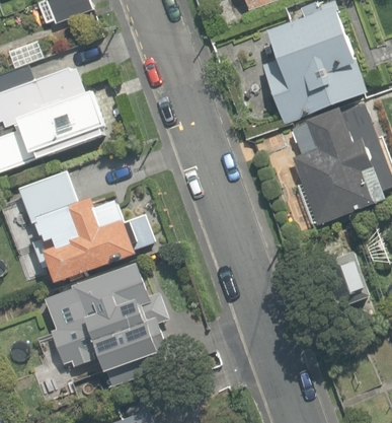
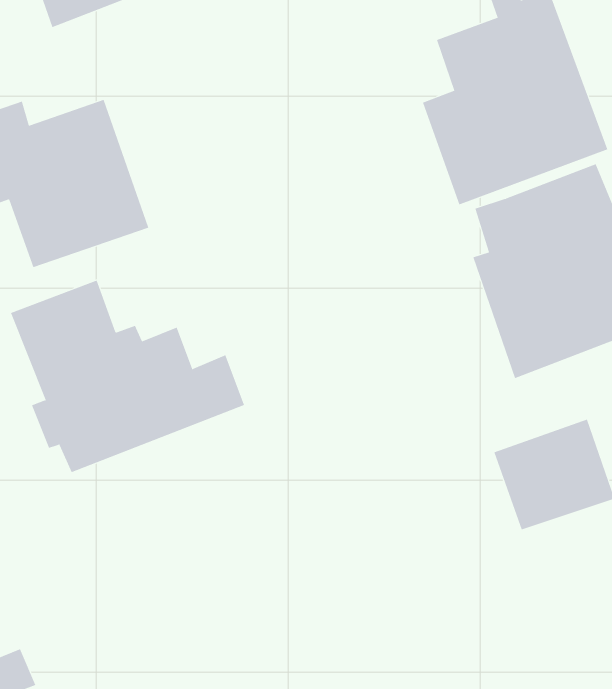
building: [46,261,167,373] -> none

